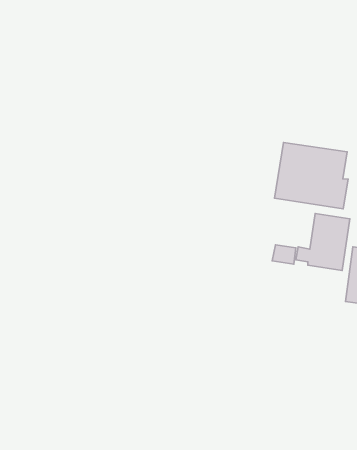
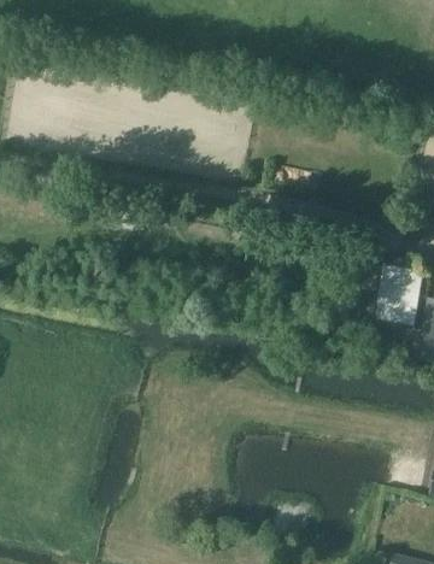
building: [275,143,348,209] -> none

